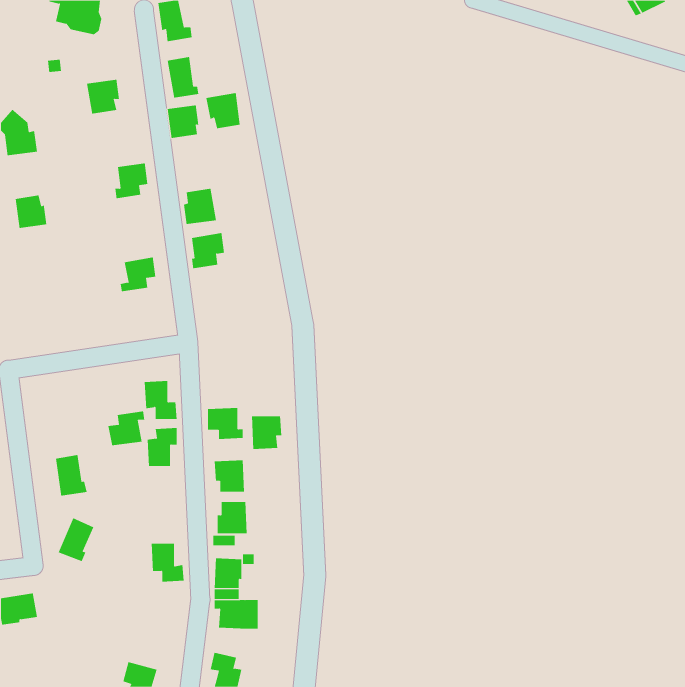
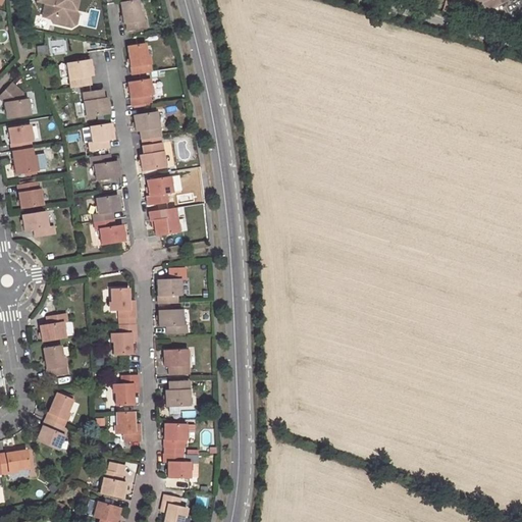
building: [206,93,241,129] -> [134,111,160,139]
building: none -> [83,90,110,117]
building: none -> [9,125,33,151]
building: none -> [90,155,120,180]
building: none -> [18,182,44,208]
building: none -> [149,208,179,236]
building: none -> [23,211,55,237]
building: none -> [94,218,125,244]
building: [108,411,145,446] -> [40,314,68,341]
building: [251,416,282,449] -> [158,279,181,305]
building: none -> [116,375,139,405]
building: none -> [37,419,64,449]
building: none -> [101,463,127,499]

